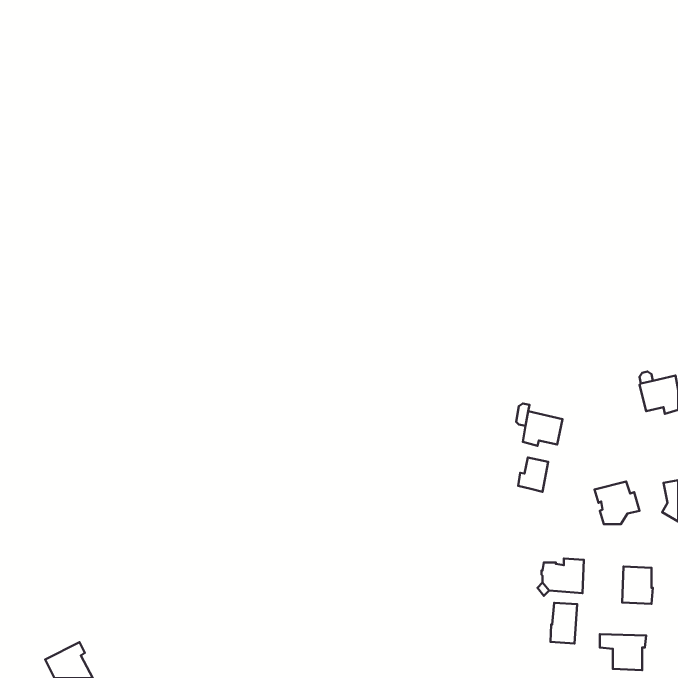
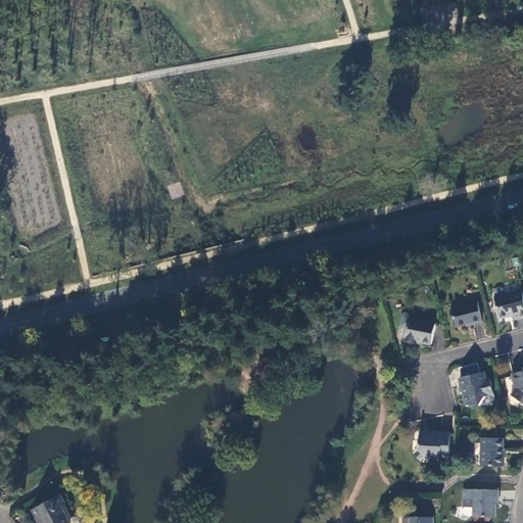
building: none -> [450,300,480,325]
building: [518,458,548,492] -> none
building: [550,603,577,644] -> none

